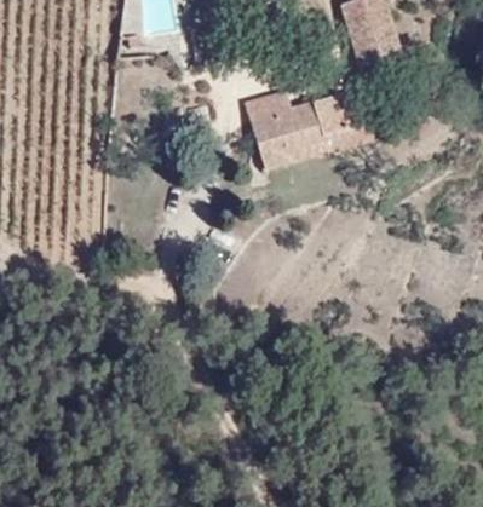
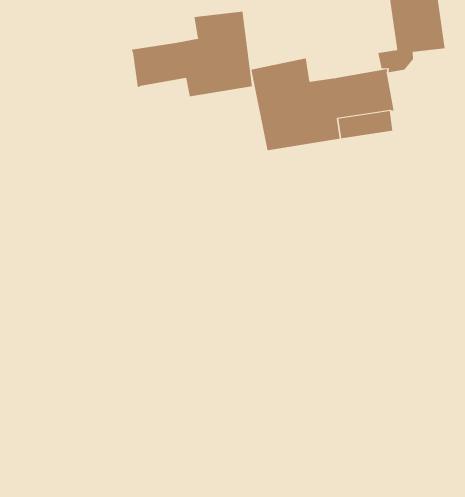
building: none -> [131,11,253,97]

